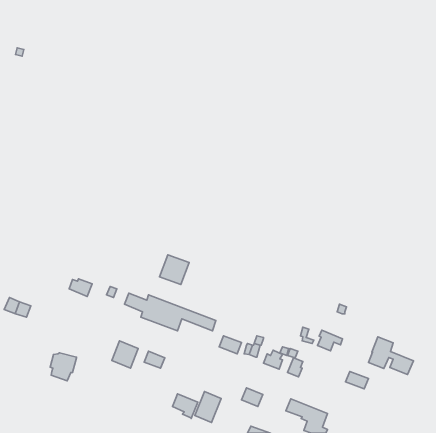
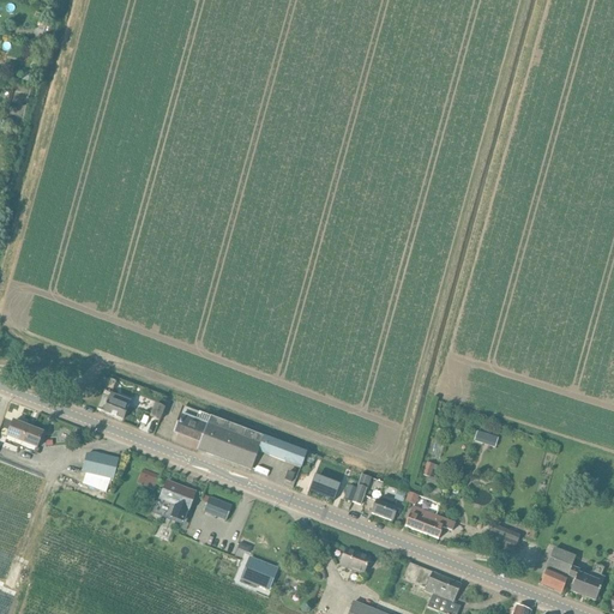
building: [160,255,189,284] -> none
building: [318,330,342,351] -> [420,508,455,537]
building: [368,337,414,374] -> [540,546,603,598]
building: [50,353,77,381] -> [82,450,119,489]
building: [195,391,221,422] -> none

